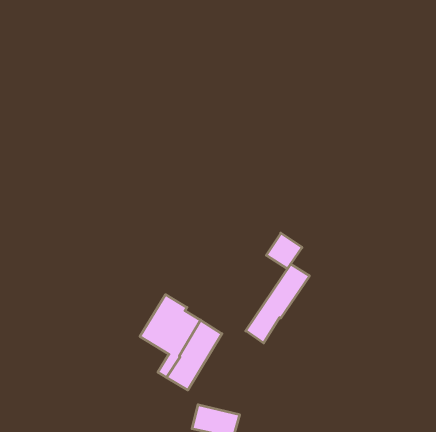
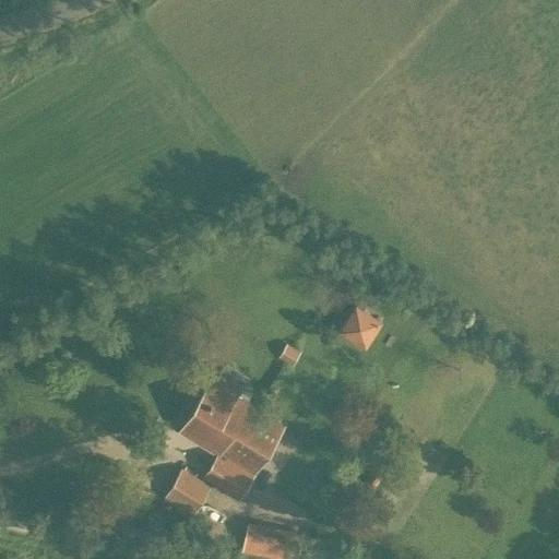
building: [246,264,309,343] -> none
building: none -> [162,471,210,519]

